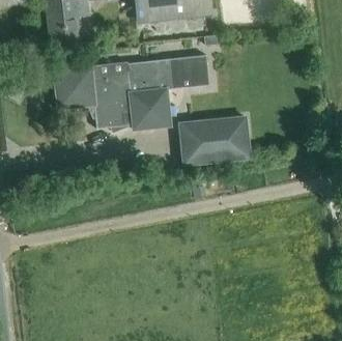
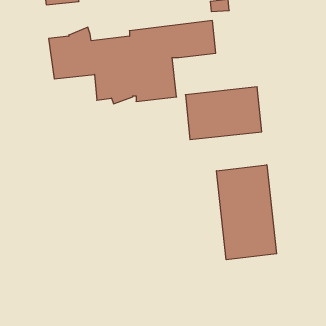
building: none -> [217,165,277,260]

